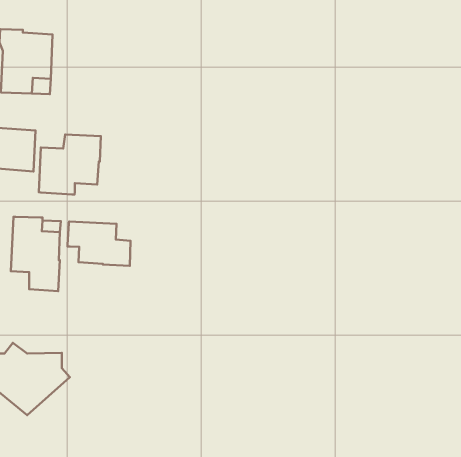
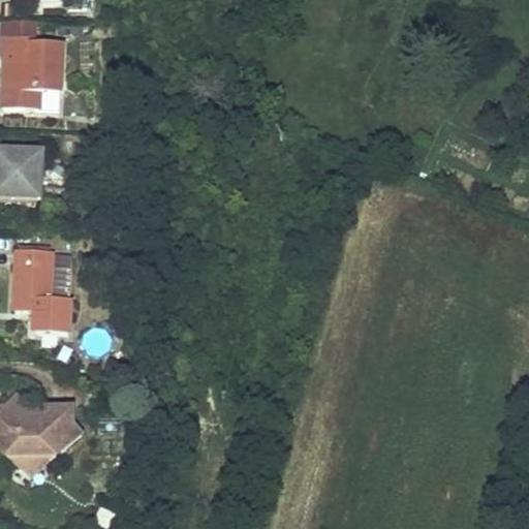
building: [39,135,101,195] -> none
building: [67,222,131,266] -> none

